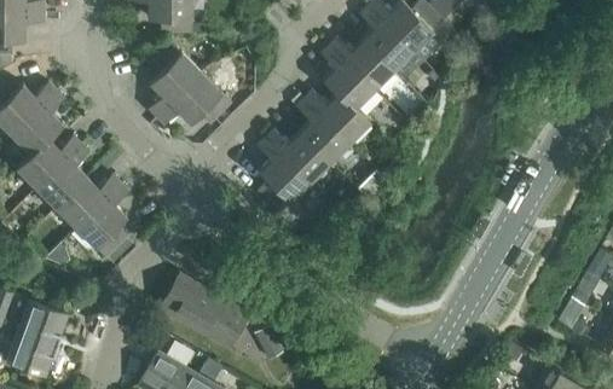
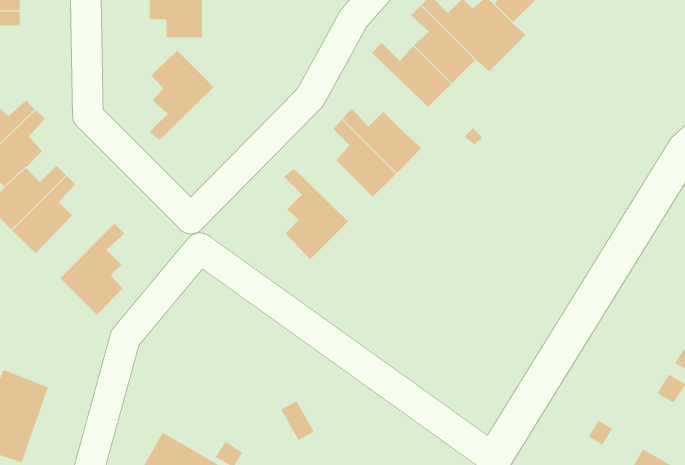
building: [320,45,374,109] -> none
building: [156,72,231,124] -> none
building: [265,129,329,181] -> none
building: [56,174,120,227] -> none
building: [161,274,247,346] -> none

